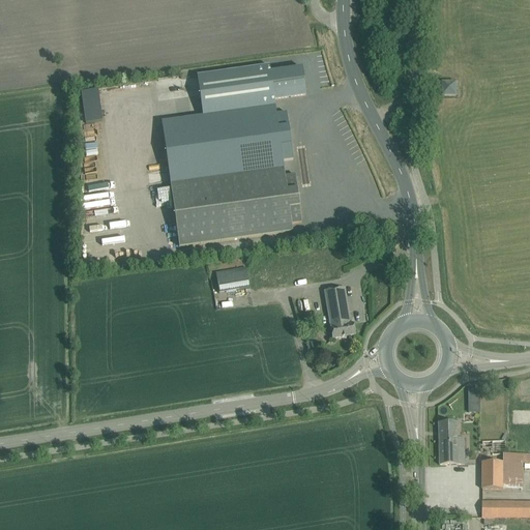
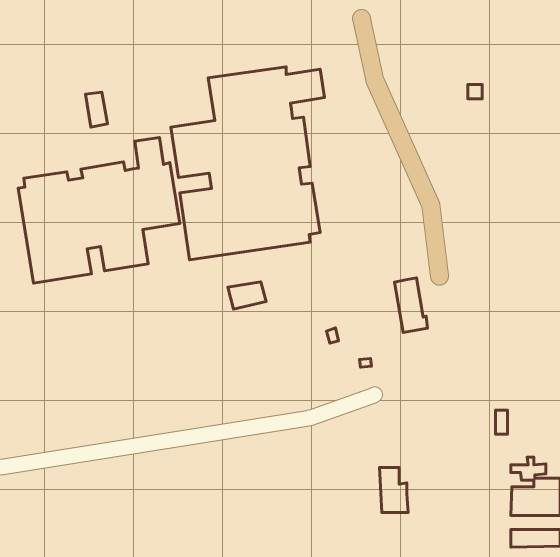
building: none -> [18,137,180,283]
building: [324,285,355,336] -> [395,278,427,333]
building: [438,420,465,463] -> [380,468,408,513]

